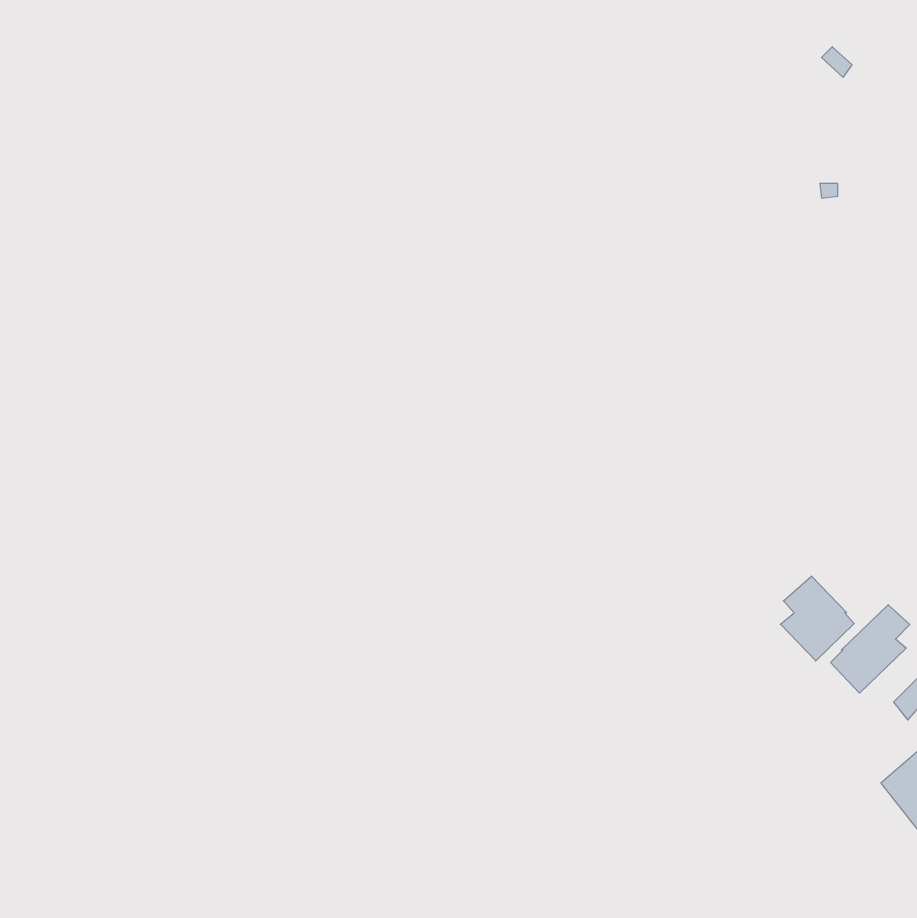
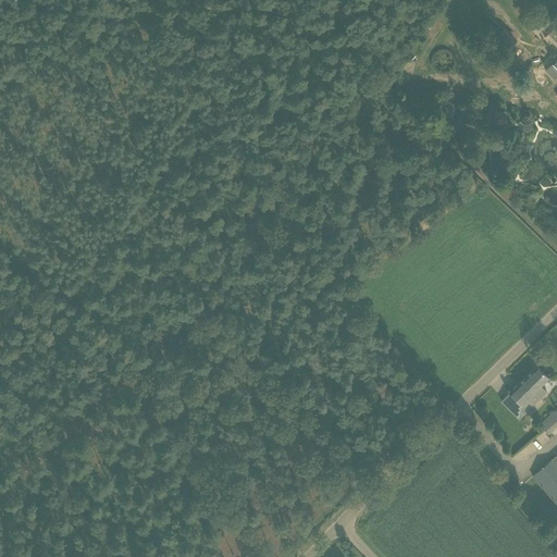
building: [780,576,854,661] -> none

